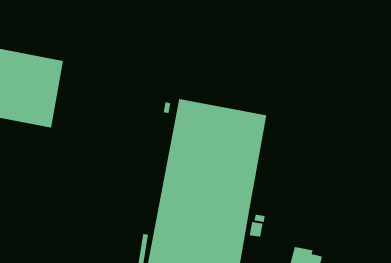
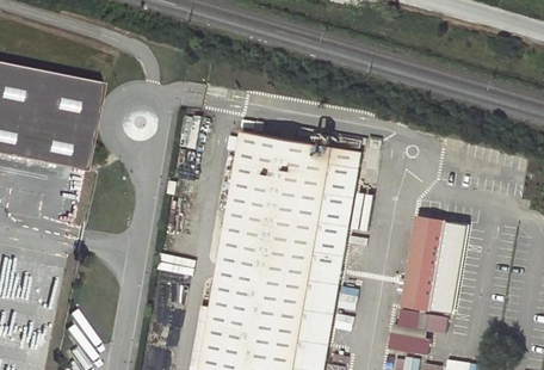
building: none -> [400,221,465,319]

